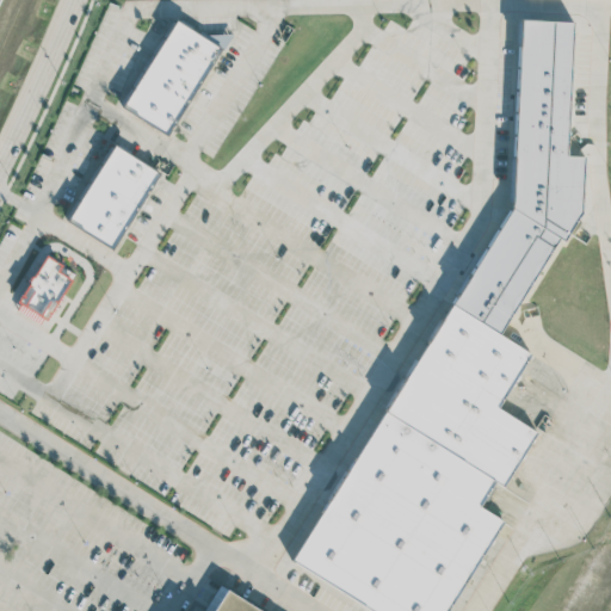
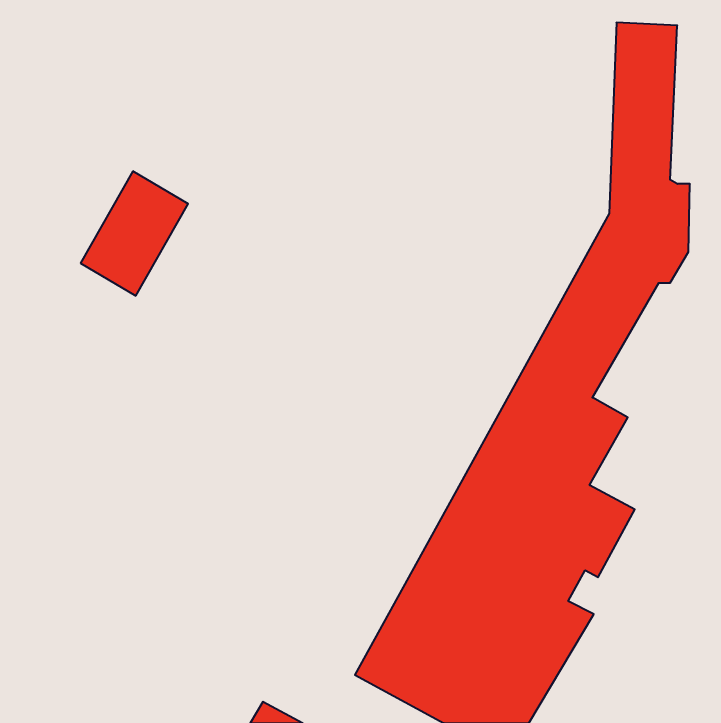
building: [124,16,224,136] -> none
building: [18,255,76,320] -> none

